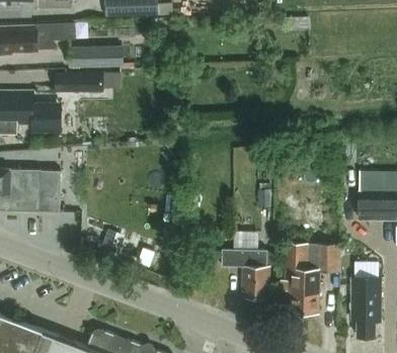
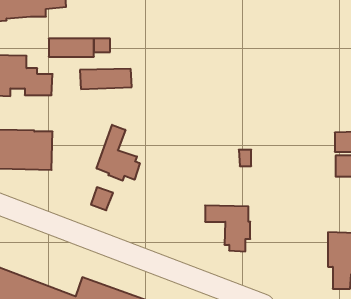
building: [69,47,124,68] -> [80,69,132,89]
building: none -> [97,125,140,181]
building: [281,242,341,313] -> none

